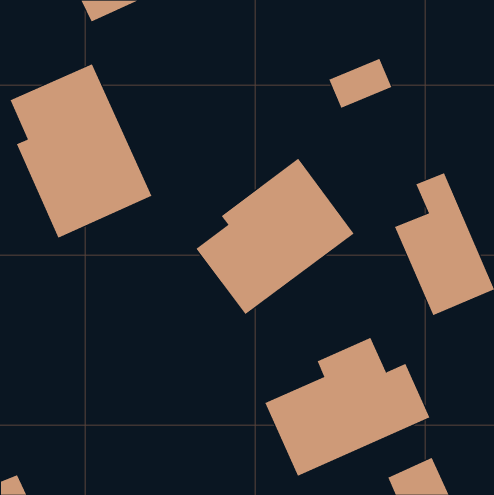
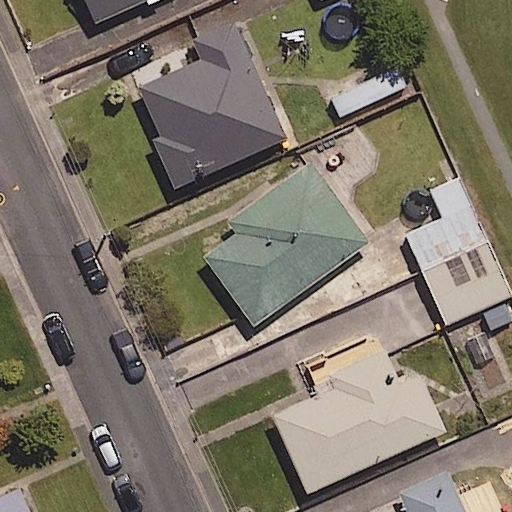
building: none -> [140,21,286,188]
building: [10,63,152,238] -> none

